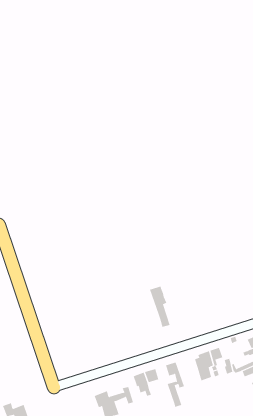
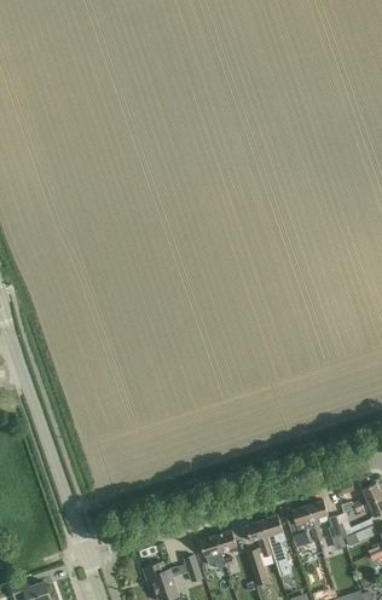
building: [149,286,170,328] -> [261,517,291,576]

